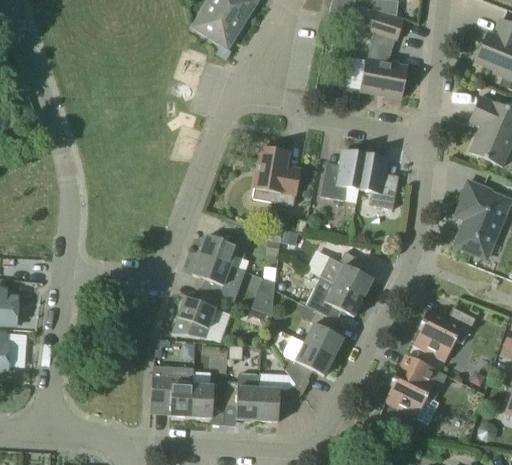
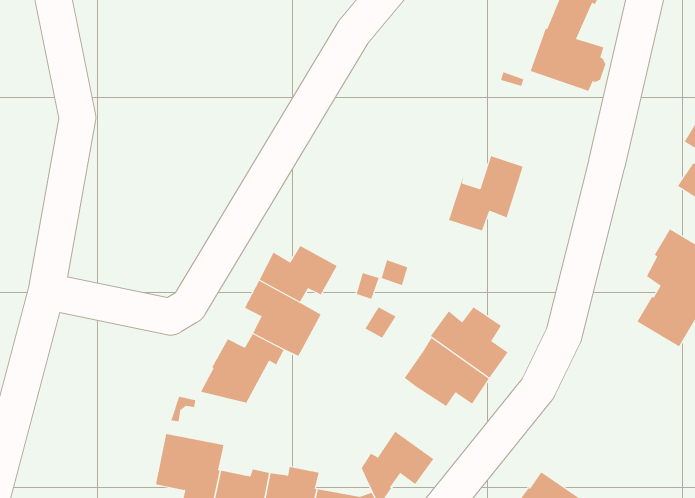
building: [255,147,300,205] -> none
building: [359,153,399,209] -> none
building: [252,274,277,308] -> none
building: [413,306,476,360] -> none
building: [305,310,343,356] -> none

